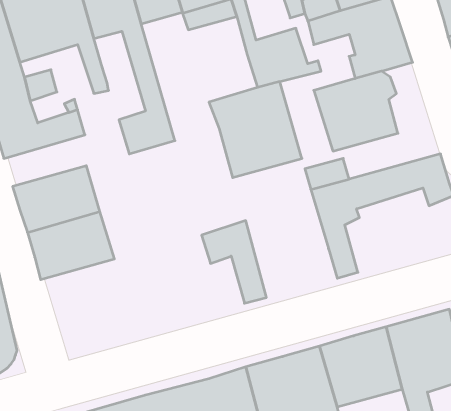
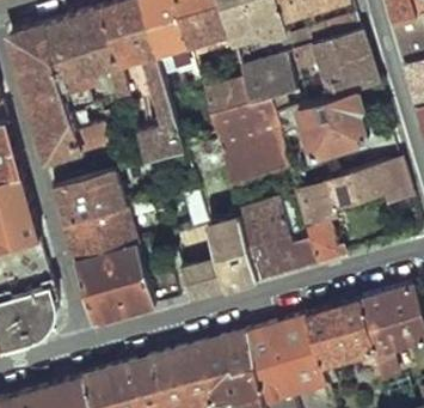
building: none -> [203,81,251,120]
building: none -> [240,200,315,278]
building: none -> [180,244,240,297]
building: none -> [75,246,152,324]

